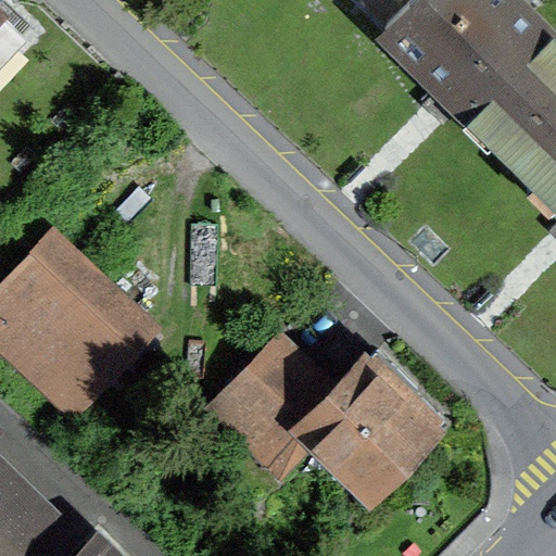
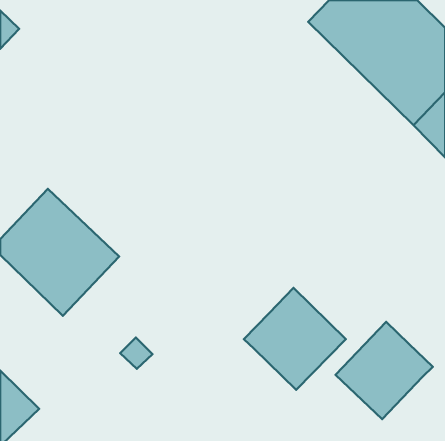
building: [213,341,336,477] -> none
building: none -> [336,322,433,419]

